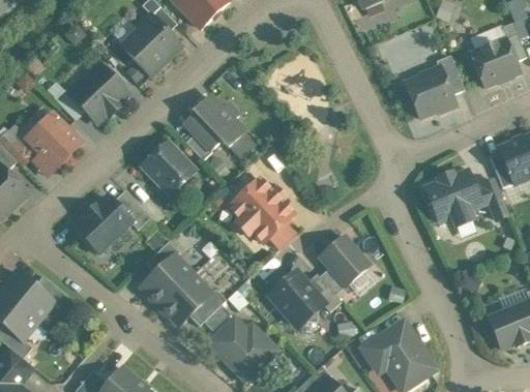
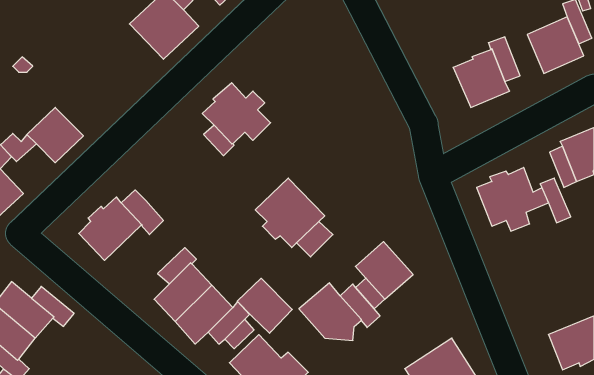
building: [70,66,126,121] -> none
building: [142,142,195,194] -> none
building: none -> [237,278,292,333]

